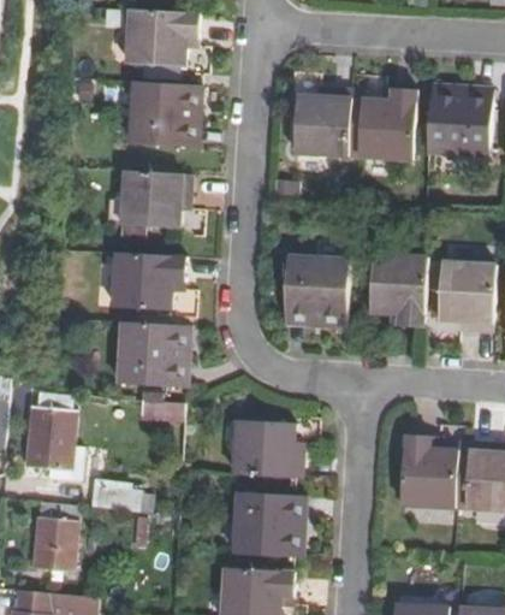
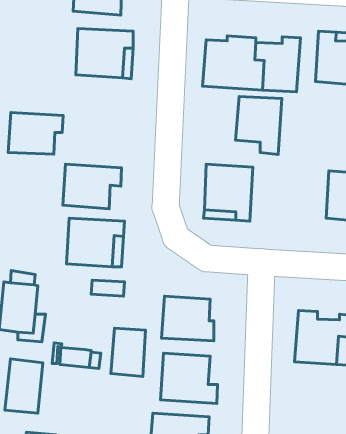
building: [118,171,188,224] -> [8,113,63,154]
building: [369,256,428,330] -> [235,96,282,154]
building: none -> [111,328,146,376]

